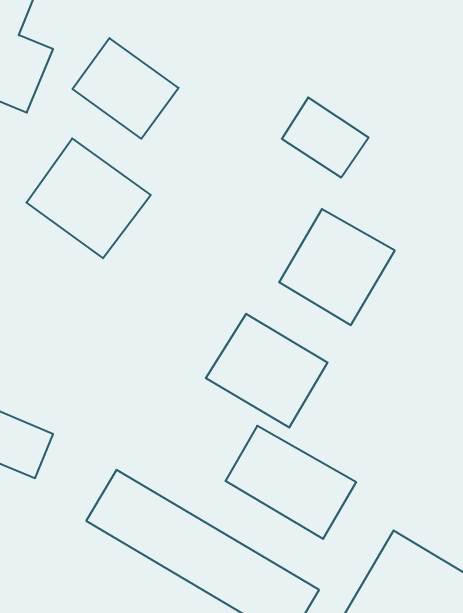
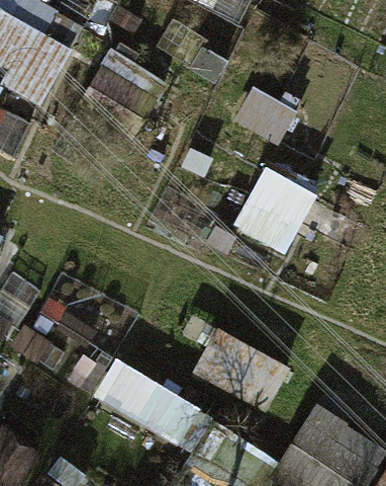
building: [26,138,151,258] -> none
building: [206,314,328,428] -> none

